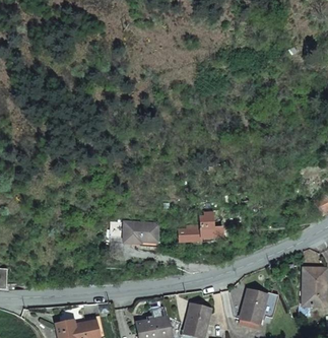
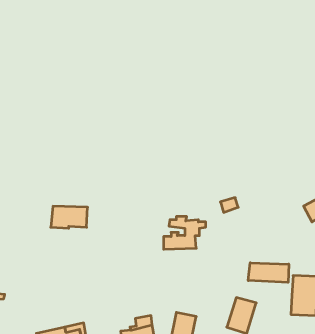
building: [124,223,159,245] -> [51,206,88,228]
building: none -> [248,263,289,282]

